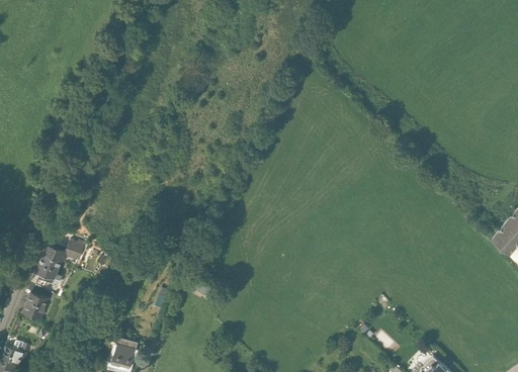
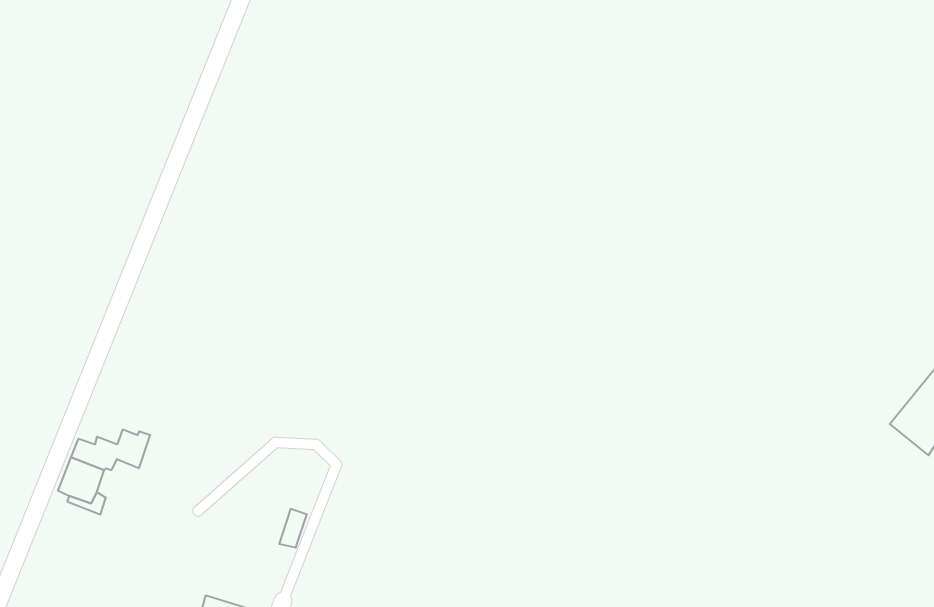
building: [21,295,47,322] -> none

